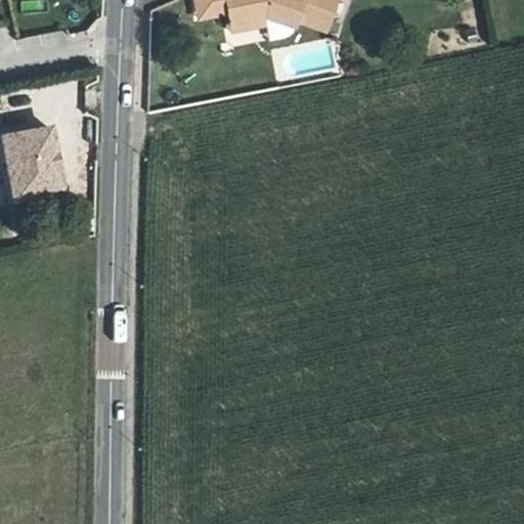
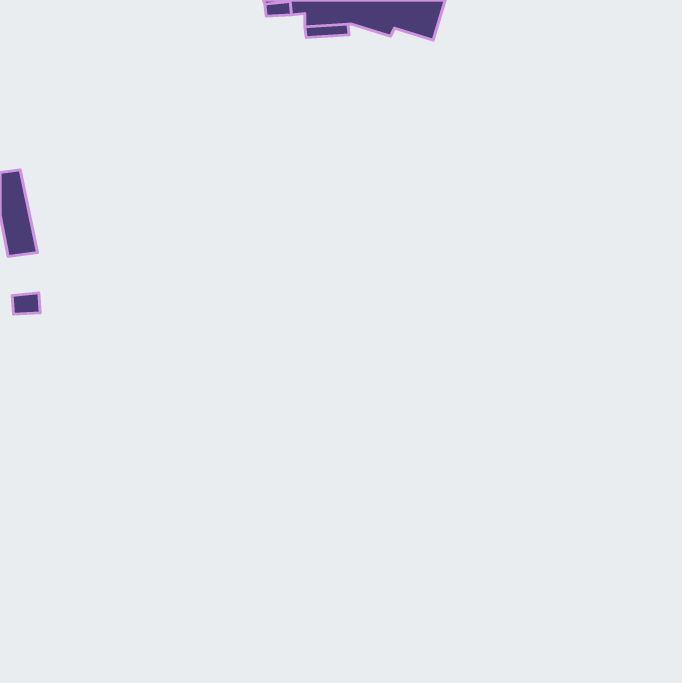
building: [16,126,53,193] -> none

